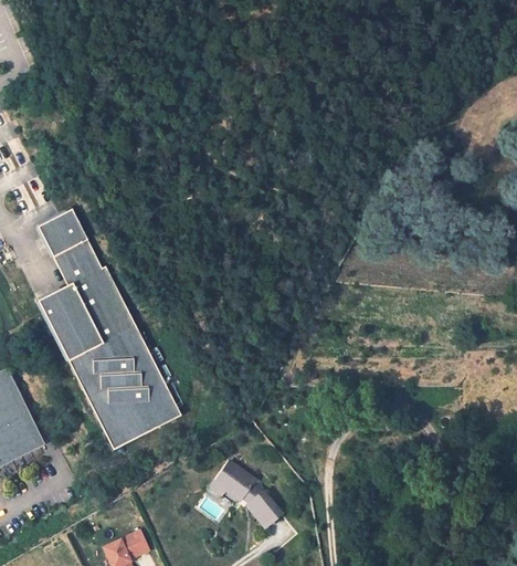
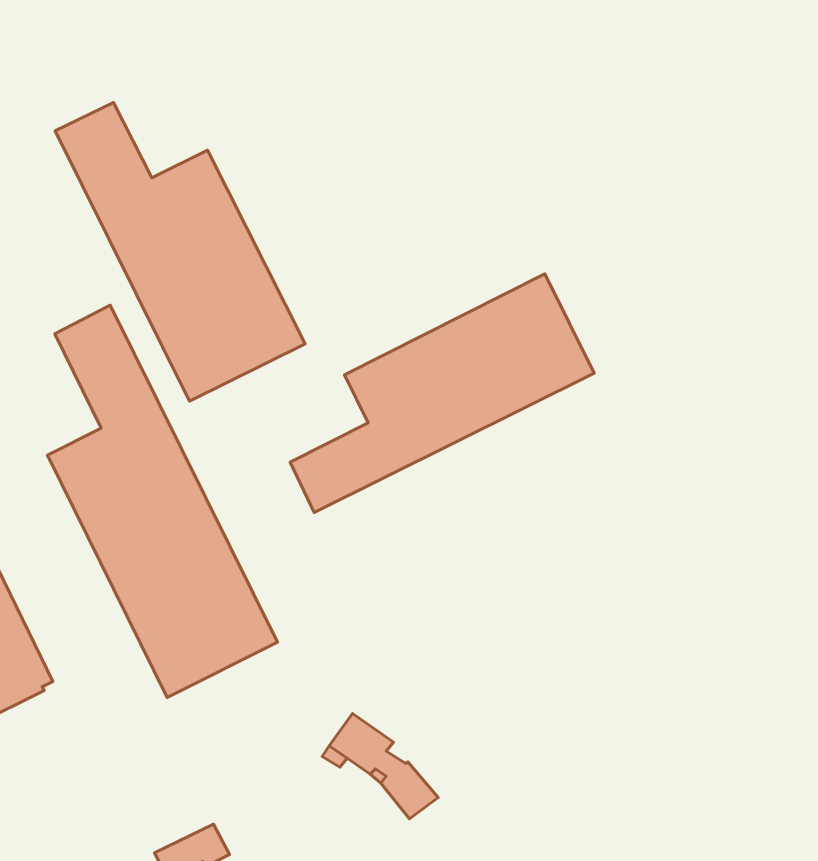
building: none -> [55,102,305,401]
building: none -> [290,274,594,512]

